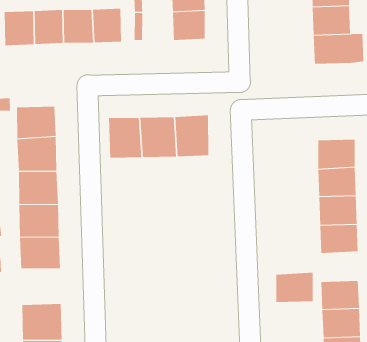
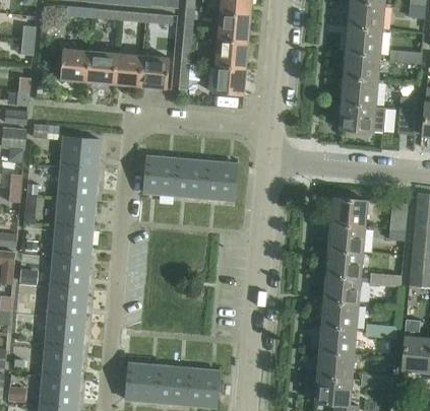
building: none -> [48,282,87,318]
building: [275,272,313,303] -> [321,300,359,329]

